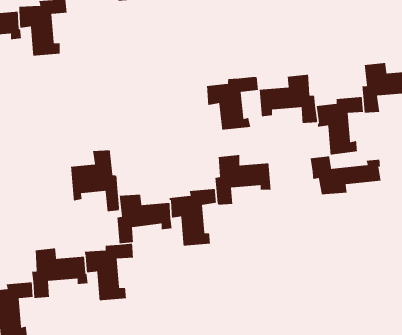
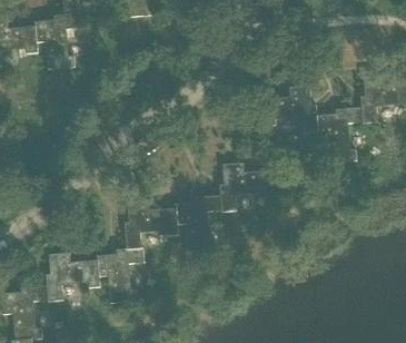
building: [206,76,259,131] -> none
building: [70,149,120,212] -> none
building: [310,155,381,195] -> none

